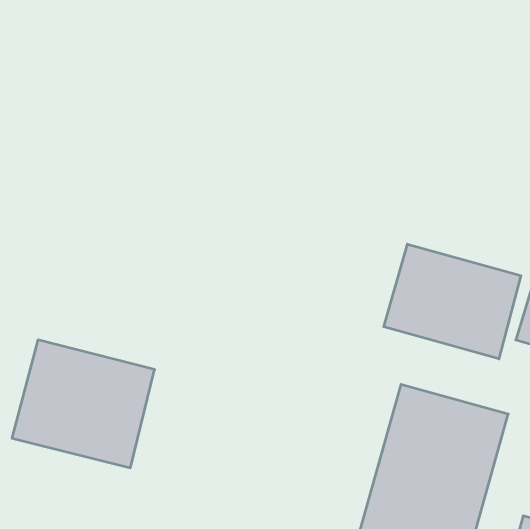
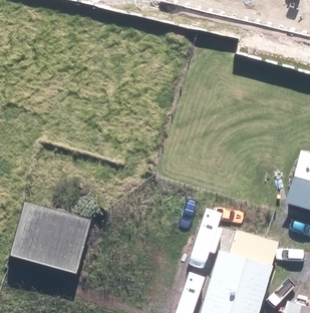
building: [384,244,521,359] -> none

